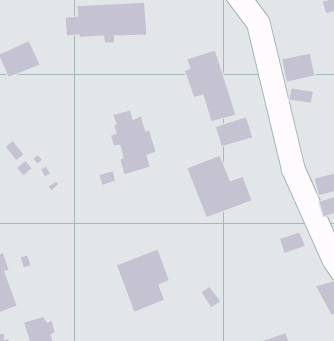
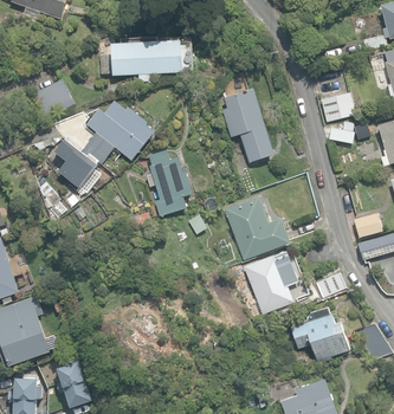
building: none -> [56,101,155,193]
building: [215,117,253,147] -> none
building: [116,249,170,313] -> [244,250,298,315]
building: none -> [291,308,350,363]

